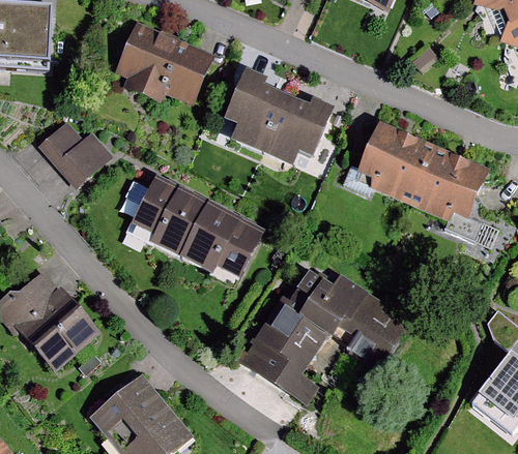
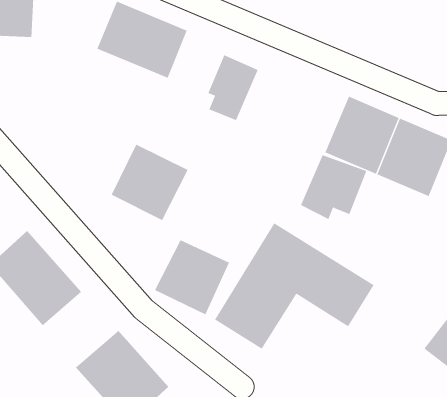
building: [264,95,337,165] -> [300,154,367,220]
building: [29,118,107,191] -> none
building: [184,203,266,284] -> [154,239,230,315]

